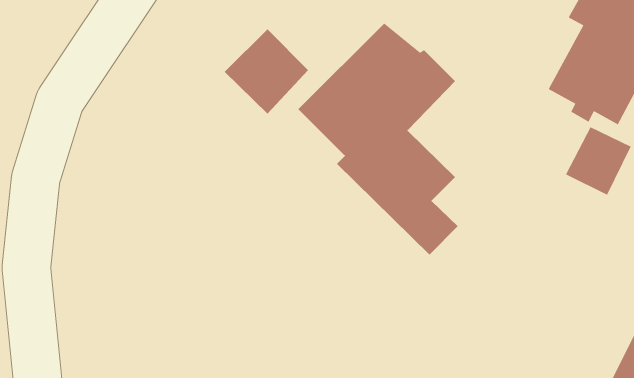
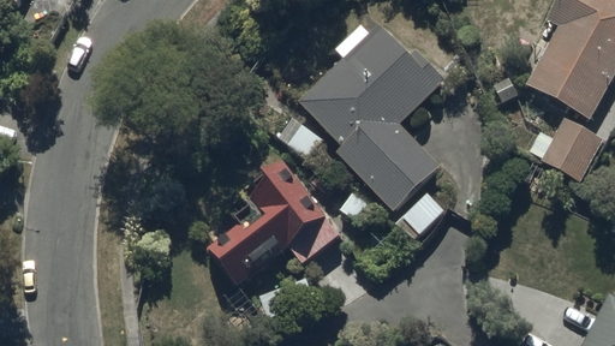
building: [224,28,309,115] -> none
building: none -> [210,153,342,285]

